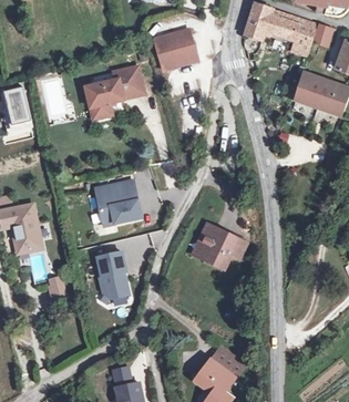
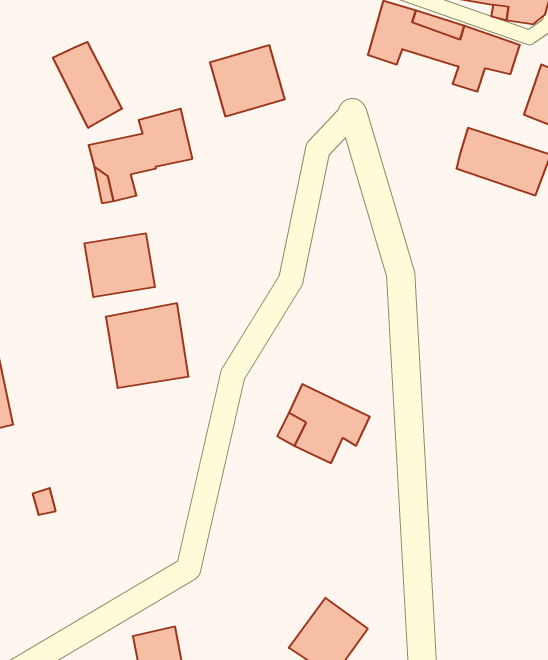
building: none -> [53,42,122,128]
building: none -> [84,233,155,297]
building: [92,247,132,306] -> none

